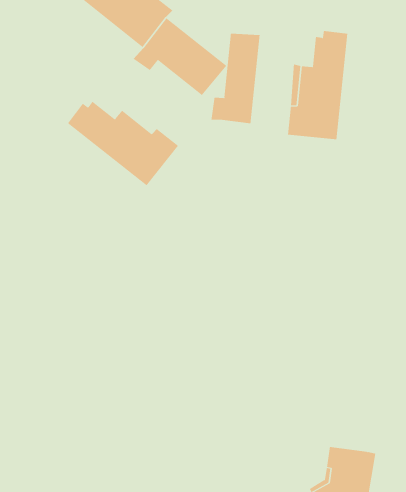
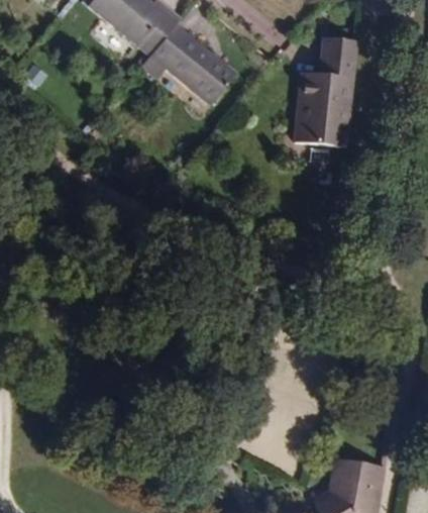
building: [211,33,260,124] -> none
building: [67,101,179,186] -> none

